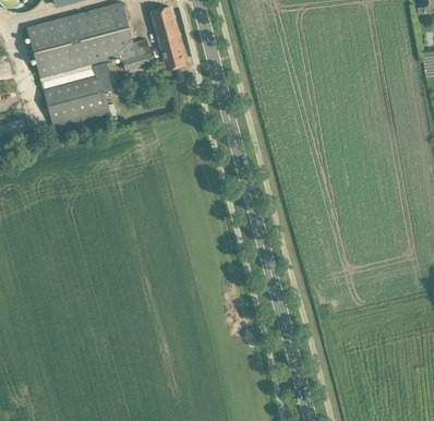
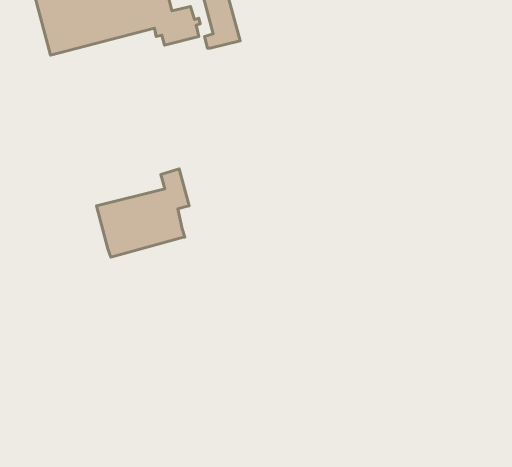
building: [43,60,113,128] -> [96,169,189,257]

